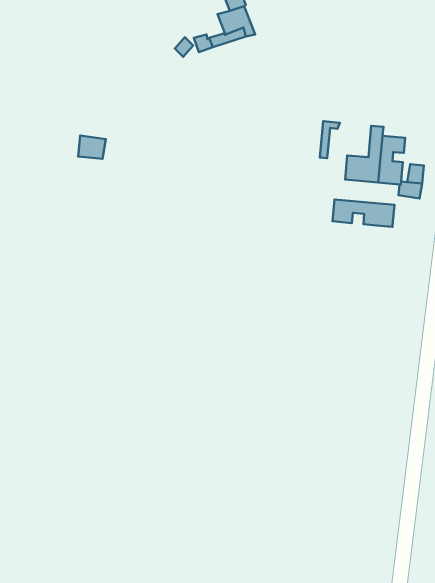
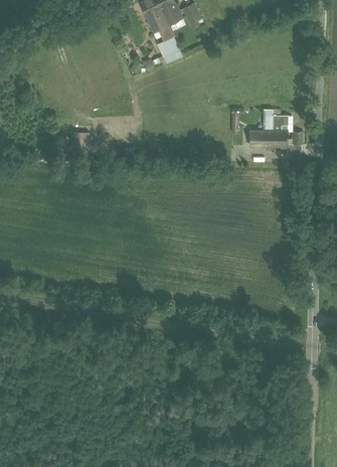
building: [332,199,394,227] -> none

